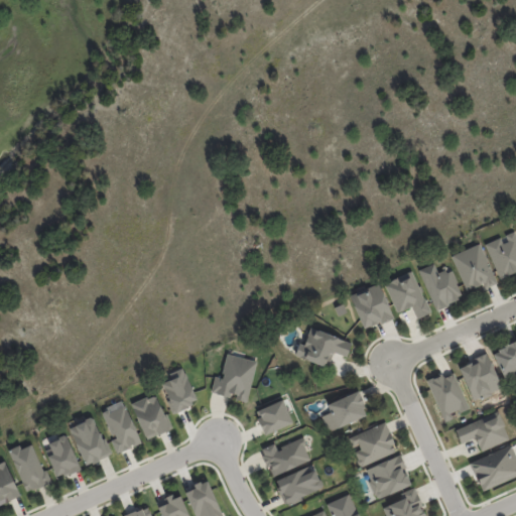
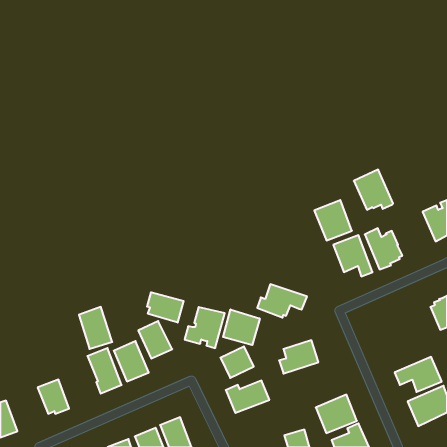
building: [453,243,498,289] -> [354,170,393,210]
building: [349,283,392,330] -> [314,200,352,240]
building: none -> [147,292,184,323]
building: [459,355,500,400] -> none
building: none -> [223,309,260,345]
building: [426,374,468,422] -> none
building: [71,417,109,466] -> [79,307,112,349]
building: [347,422,397,468] -> none
building: [10,444,51,492] -> none
building: [274,465,321,505] -> none

